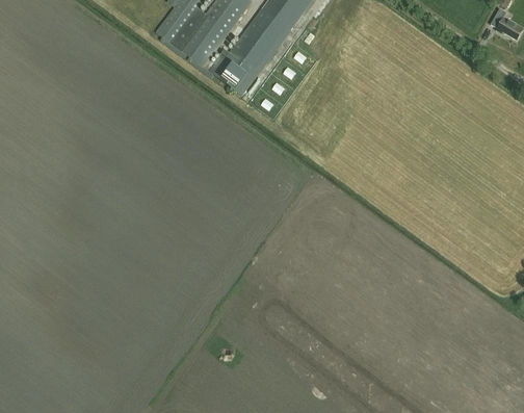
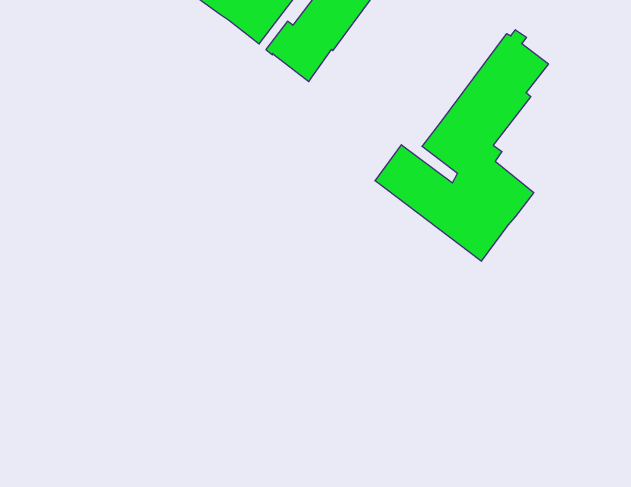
building: none -> [375,30,548,261]

